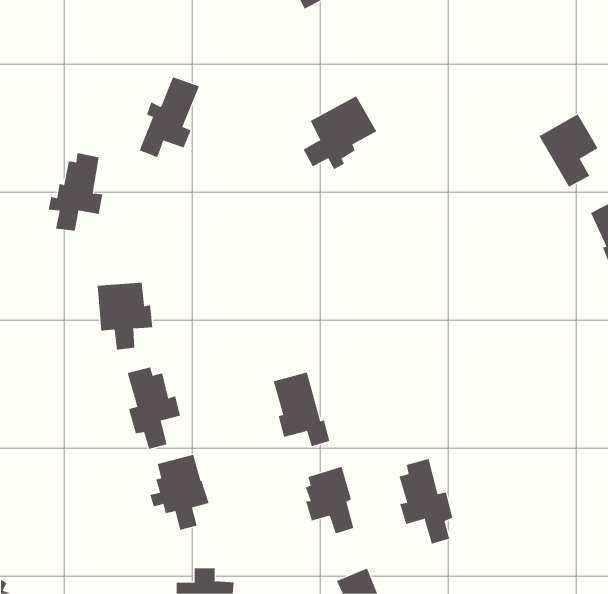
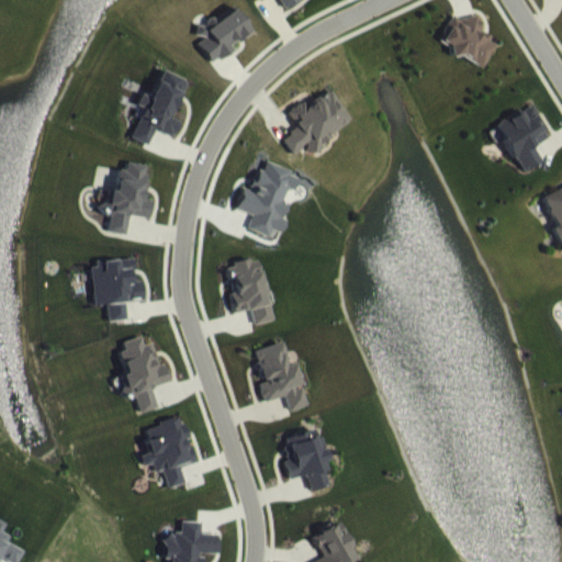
building: none -> [195,4,251,64]
building: none -> [440,11,498,68]
building: [48,152,103,231] -> [101,161,151,234]
building: none -> [235,164,297,238]
building: none -> [228,258,273,324]
building: [399,458,453,544] -> none

